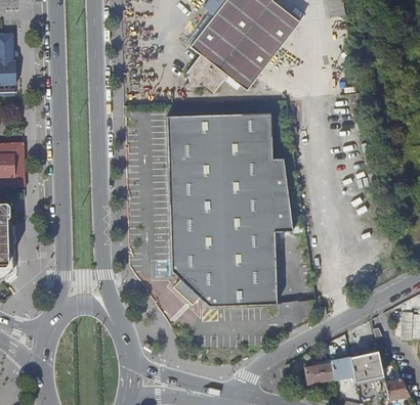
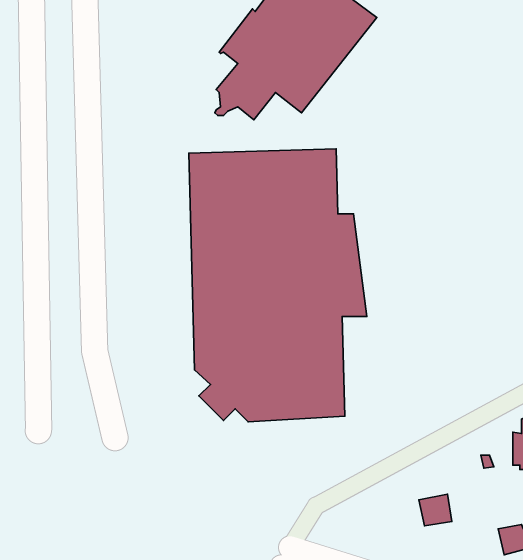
building: [351,350,384,379] -> none
building: [305,359,334,384] -> none

